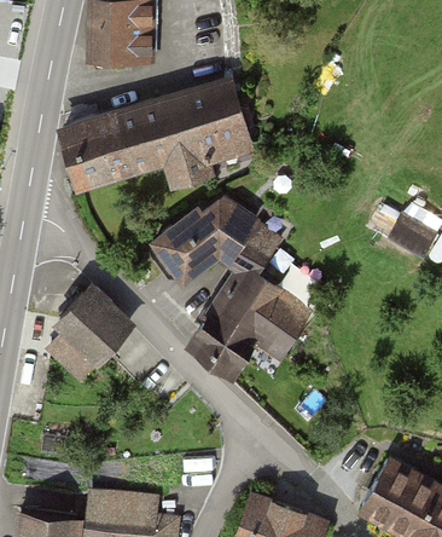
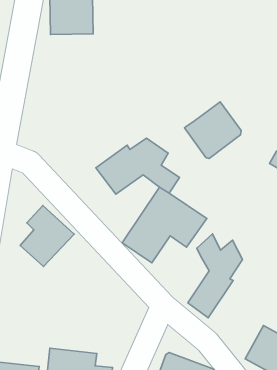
building: [65,85,242,184] -> none
building: none -> [184,102,241,158]
building: none -> [188,234,242,318]

